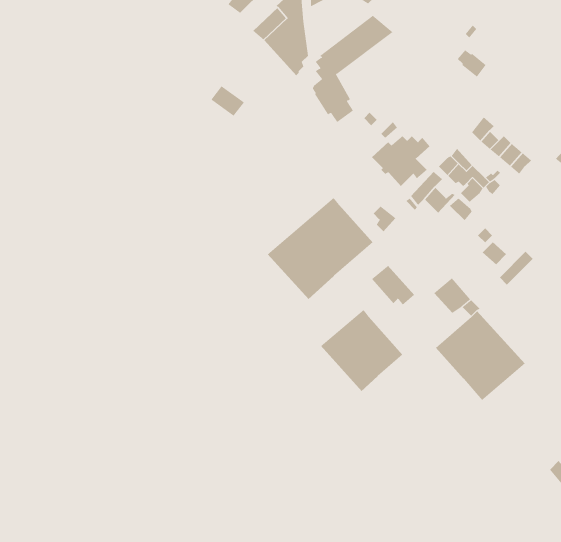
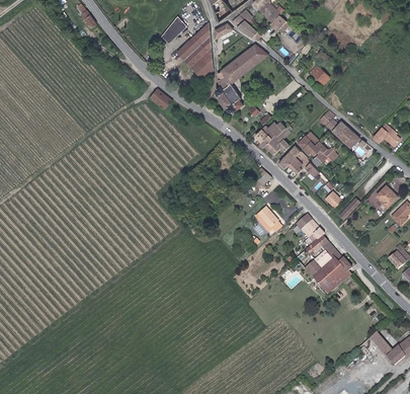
building: [267,197,373,300] -> none
building: [320,309,403,392] -> none

